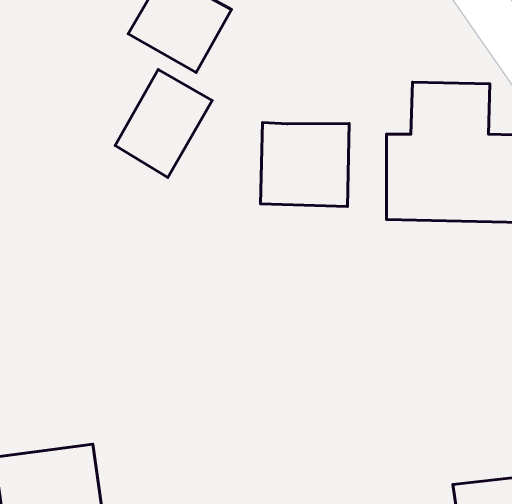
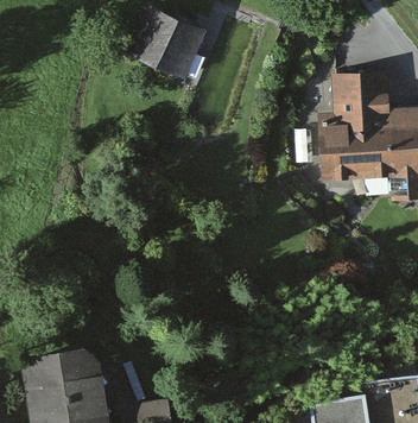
building: [115,70,212,178] -> none
building: [261,123,349,207] -> none

